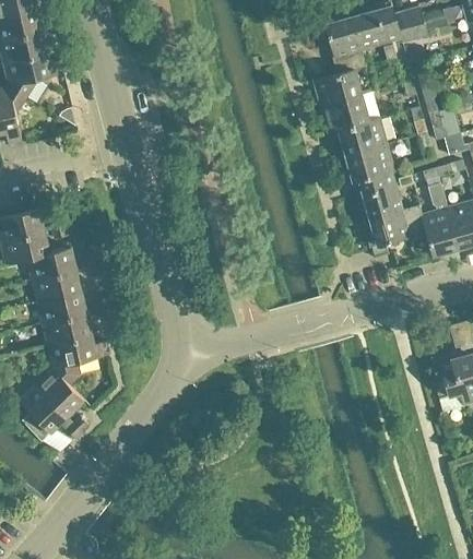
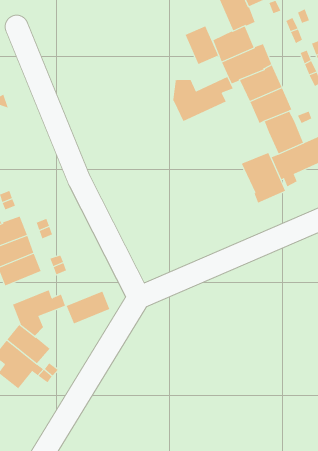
building: none -> [185,25,219,65]
building: none -> [173,76,233,122]
building: none -> [241,152,286,203]
building: [44,312,93,345] -> [66,291,110,324]

